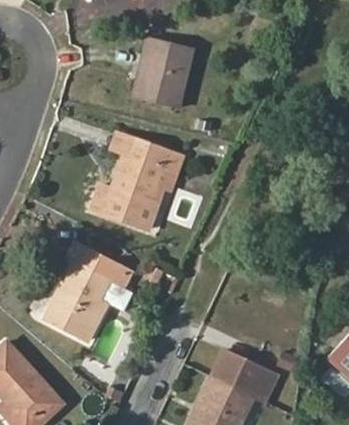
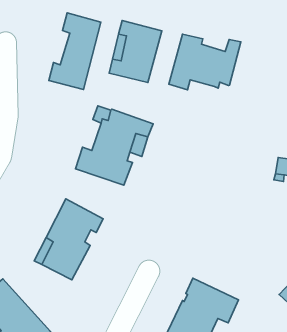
building: none -> [49,13,101,89]
building: none -> [169,34,241,90]

